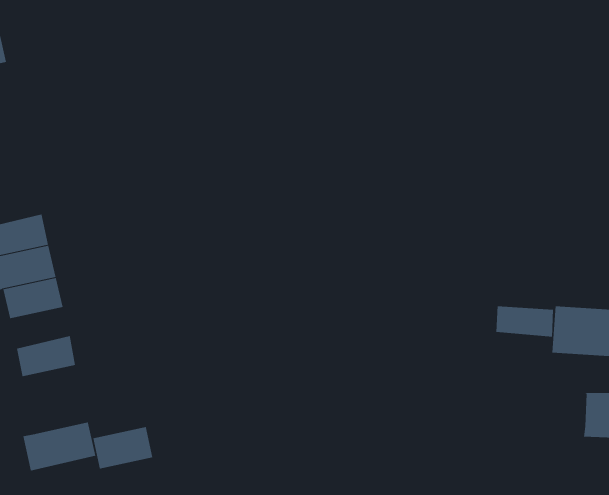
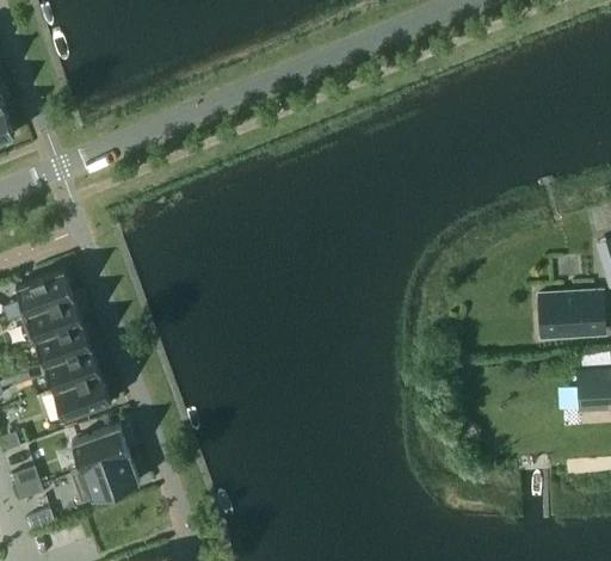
building: [496,306,554,337] -> none
building: none -> [44,352,101,395]
building: [93,426,153,469] -> [70,426,128,470]

